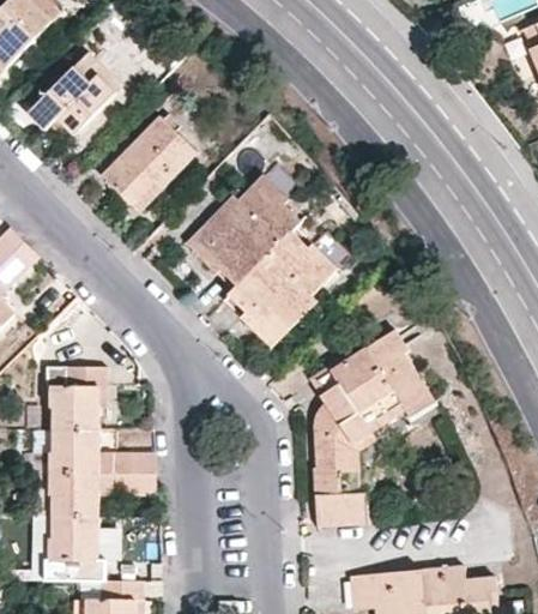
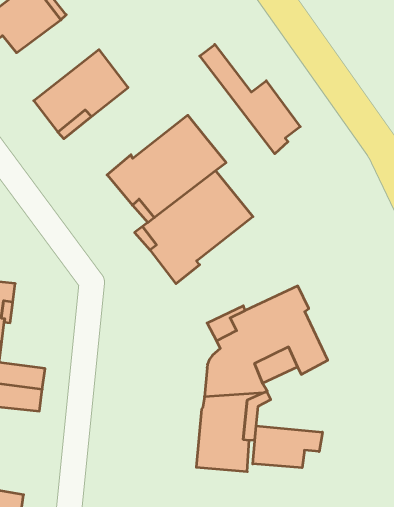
building: none -> [200,44,300,154]
building: none -> [253,426,322,468]

